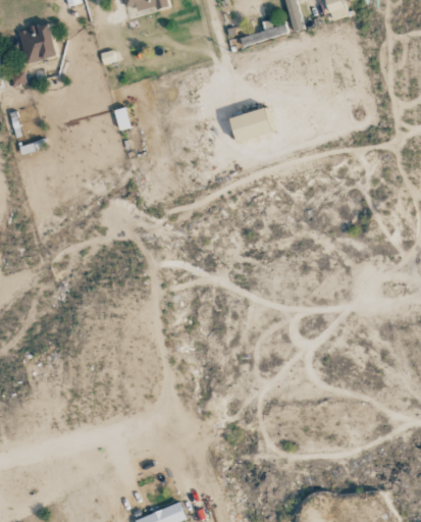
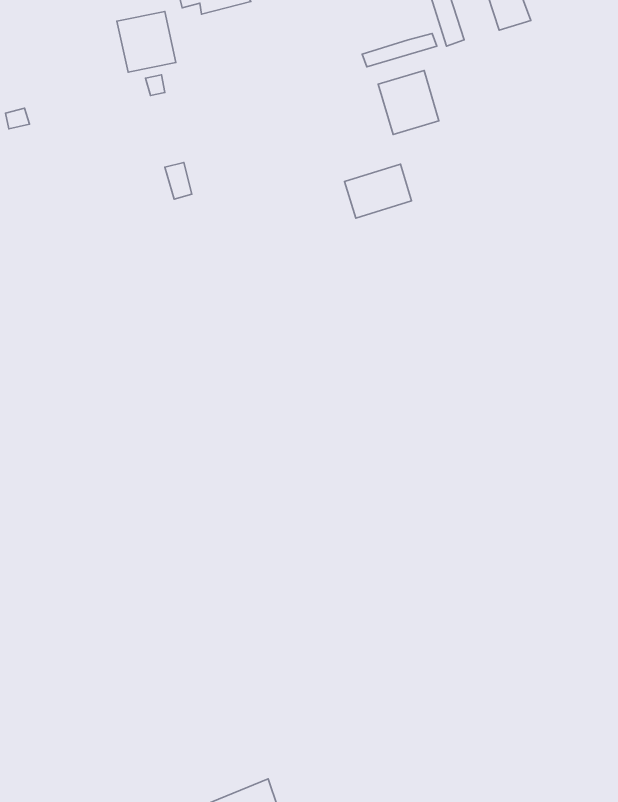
building: [19,23,57,62] -> [117,12,176,72]
building: none -> [378,70,439,135]

